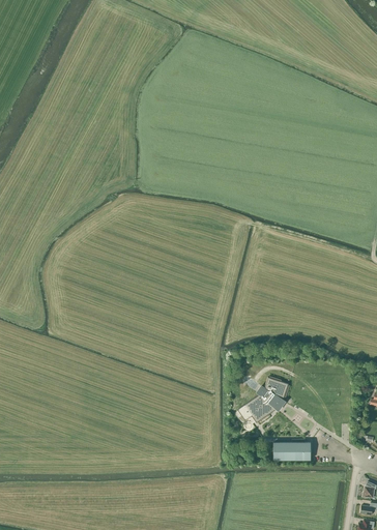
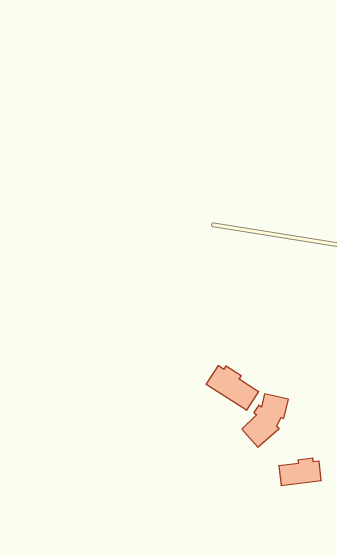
building: none -> [206,366,259,410]

